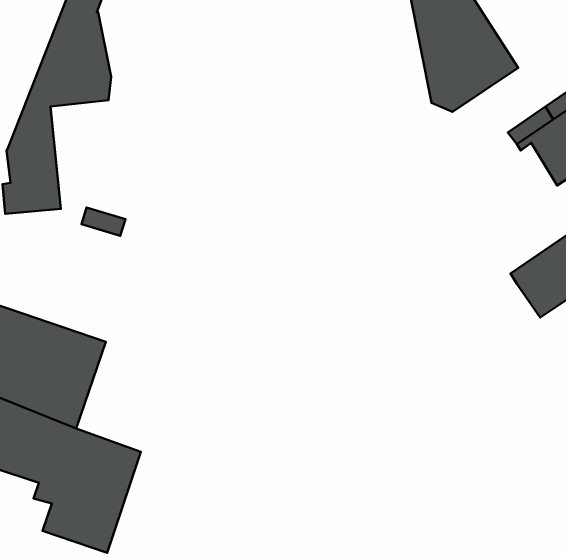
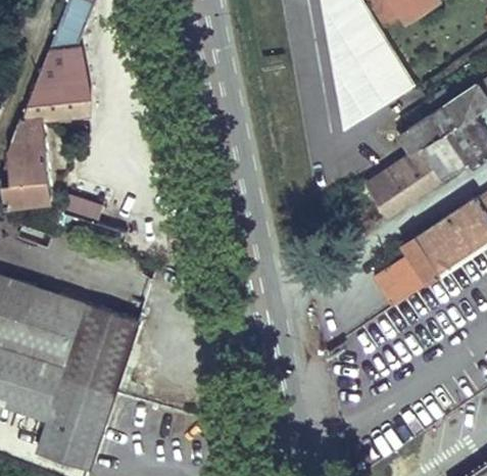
building: none -> [364,144,443,217]
building: none -> [376,255,430,307]
building: none -> [63,301,138,388]

